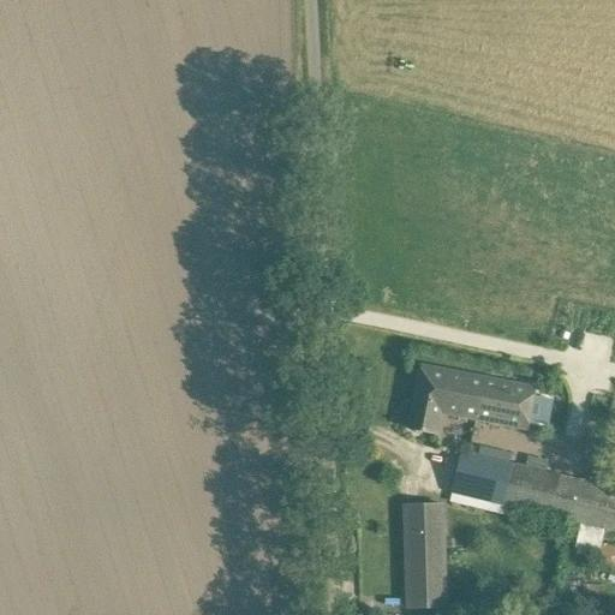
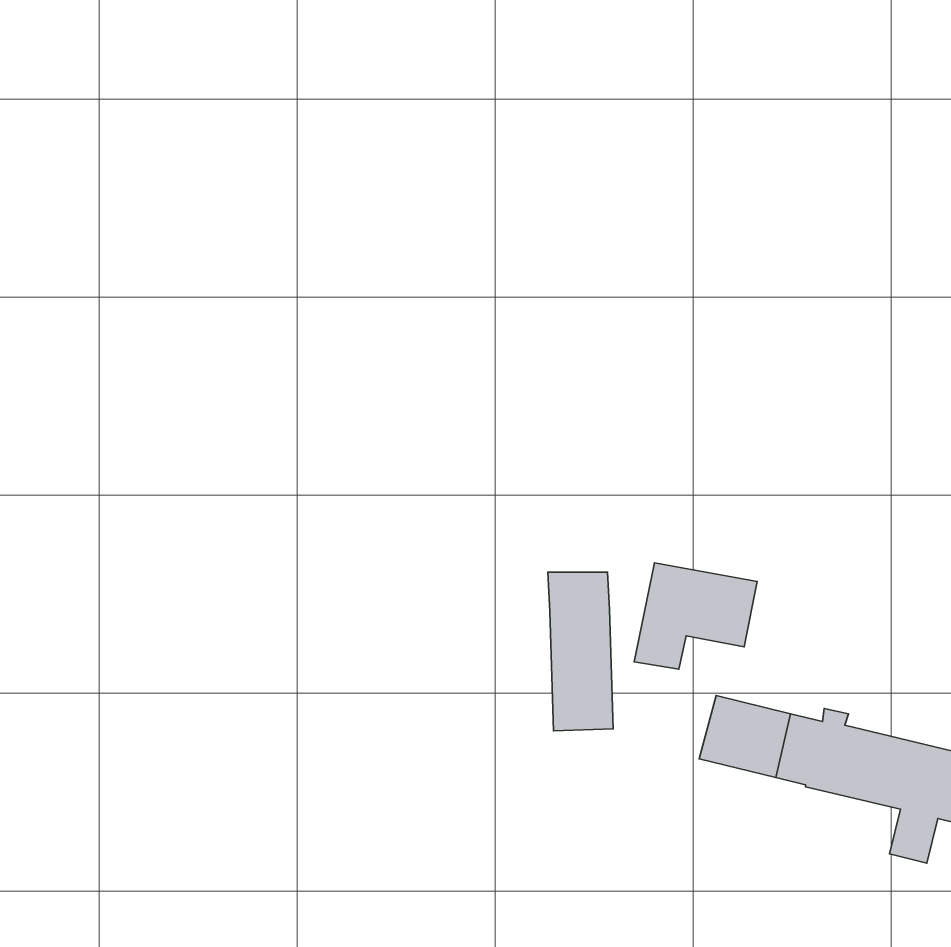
building: [480,375,541,428] -> none
building: [405,502,447,604] -> [548,572,613,731]

